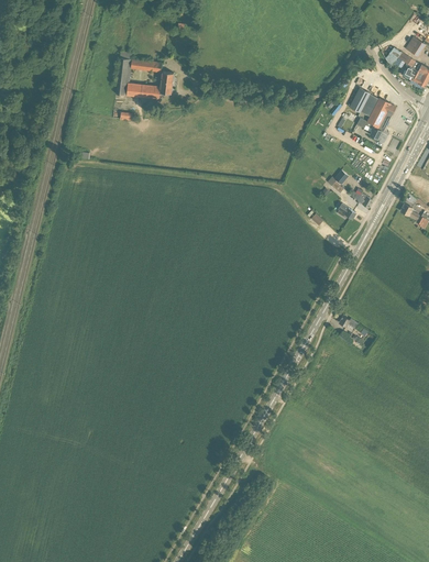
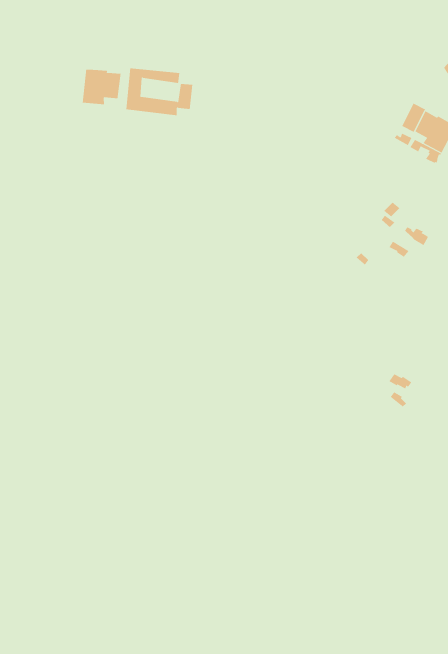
building: none -> [82,69,121,105]

